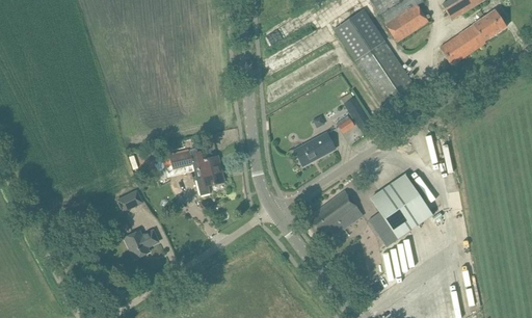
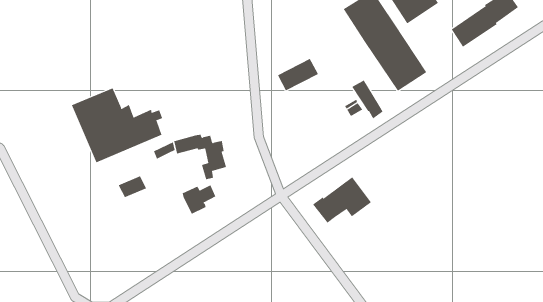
building: none -> [71,87,163,163]
building: [294,132,335,164] -> [277,58,319,91]
building: [369,173,432,243] -> none
building: [125,229,158,258] -> [182,185,216,214]

